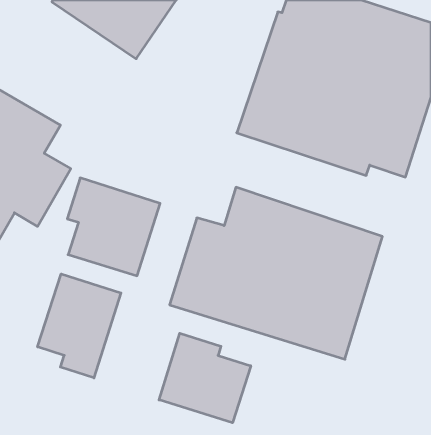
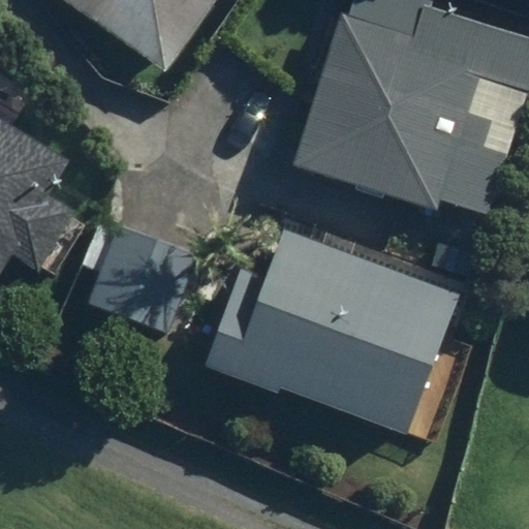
building: [38,274,121,378] -> none
building: [159,333,251,423] -> none

